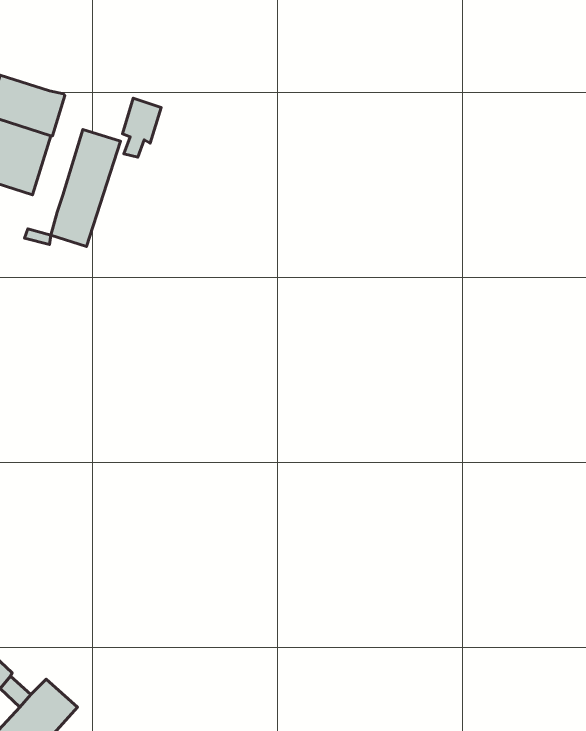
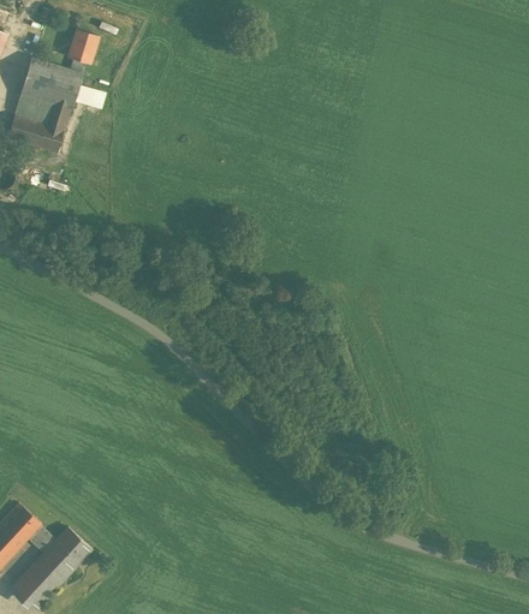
building: [122,98,161,157] -> [69,29,99,74]
building: [51,129,120,247] -> none

